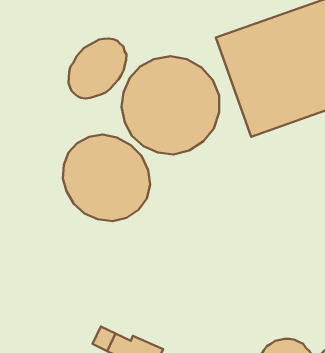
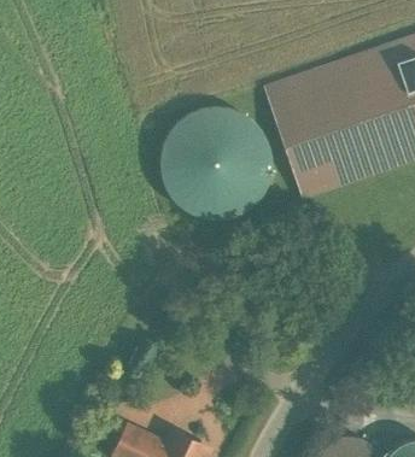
building: [68,38,126,99] -> none
building: [63,135,150,221] -> none

